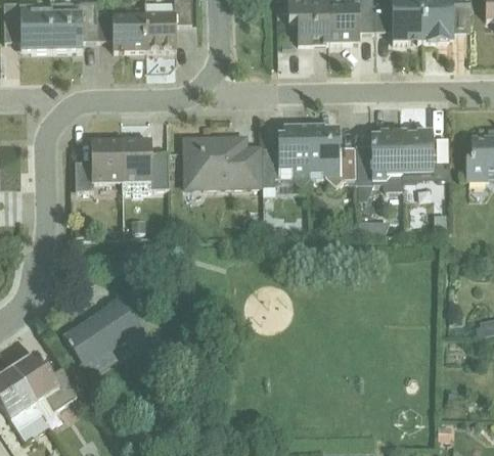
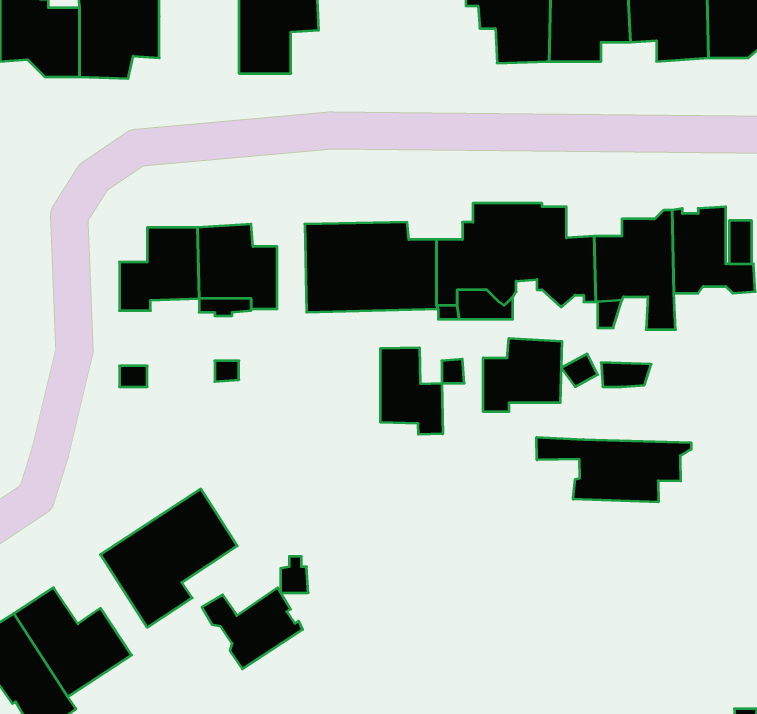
building: [98,13,145,51] -> none
building: none -> [483,338,562,412]
building: none -> [381,348,443,434]
building: none -> [537,437,691,502]
building: none -> [202,588,303,669]

